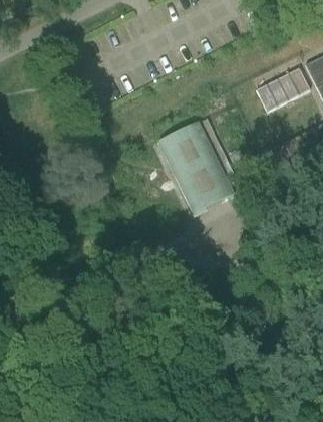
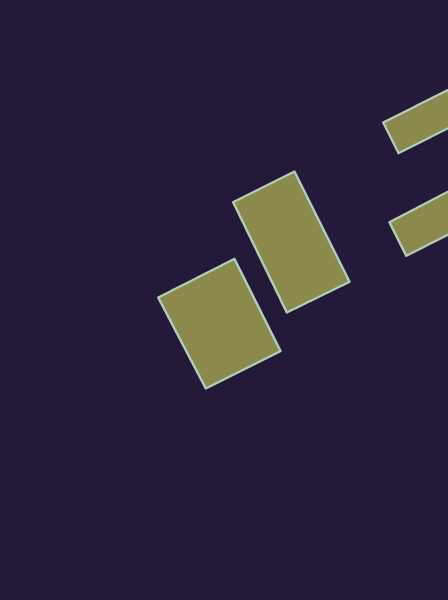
building: none -> [158,259,281,389]

